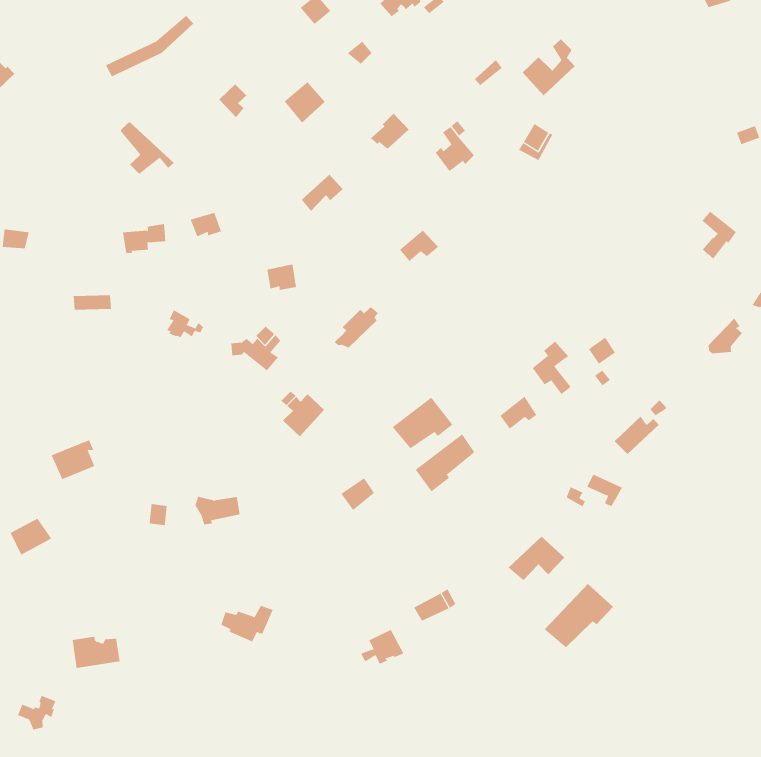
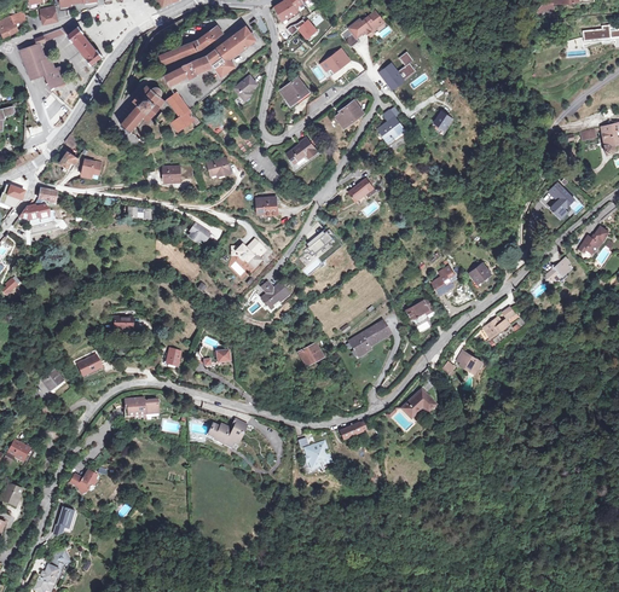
building: none -> [166,25,256,85]
building: [522,39,576,96] -> [377,51,413,88]
building: none -> [121,85,167,132]
building: [392,397,453,449] -> none
building: [544,583,614,648] -> none
building: [72,636,121,669] -> [127,399,158,419]

